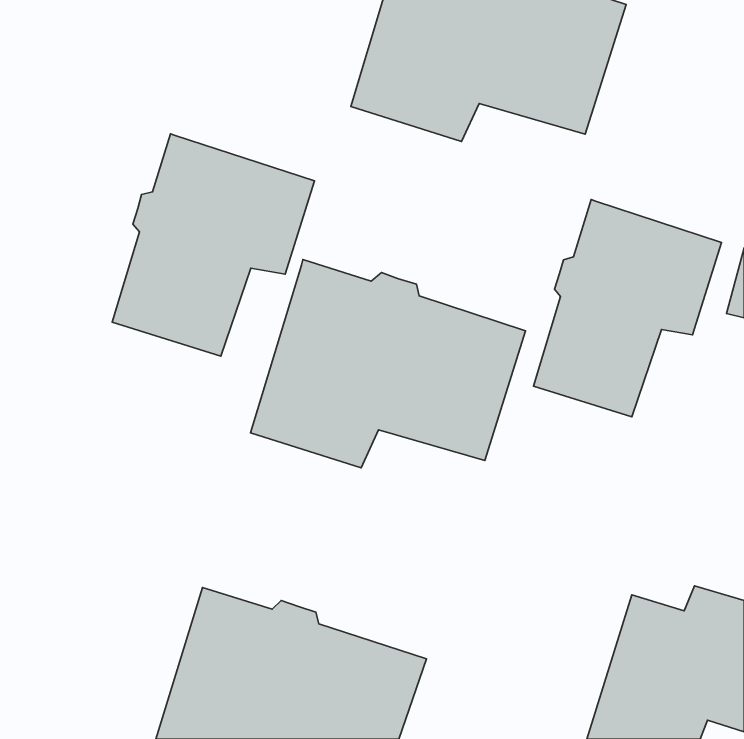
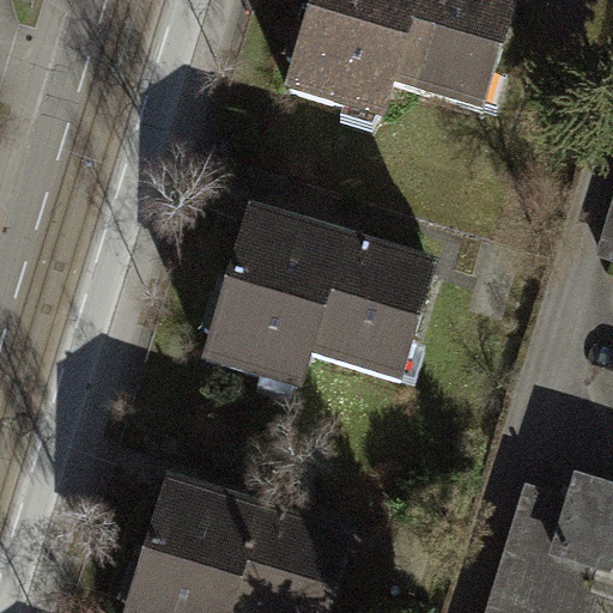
building: [112,134,314,356] -> none
building: [533,200,721,417] -> none

